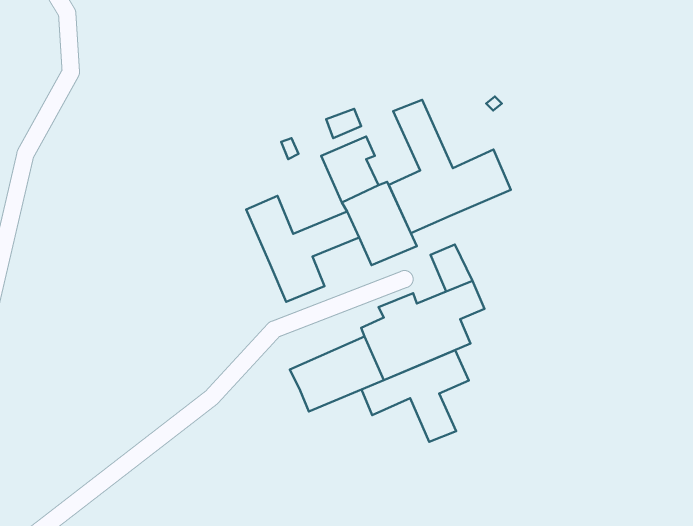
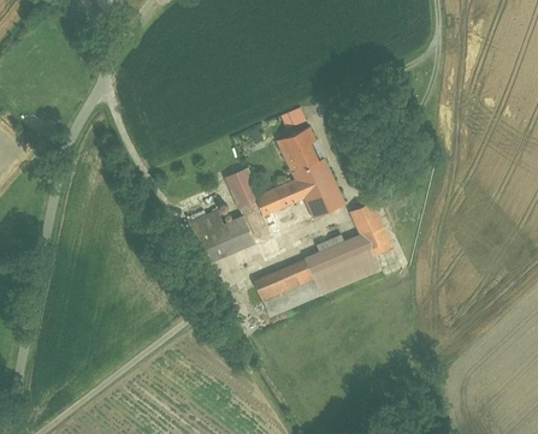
building: [389,100,511,233] -> none
building: none -> [188,209,253,262]
building: [362,350,469,442] -> none

